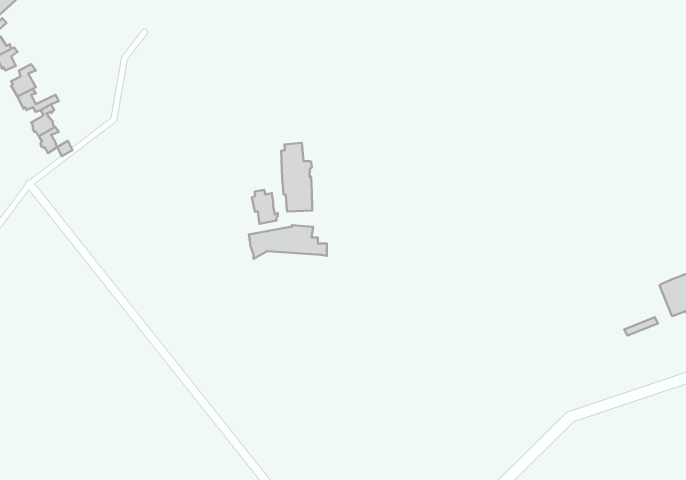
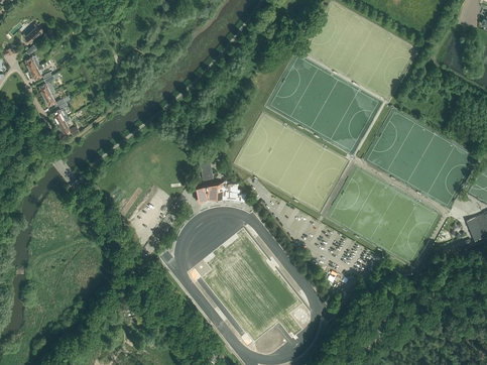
building: [281,143,312,211] -> none

